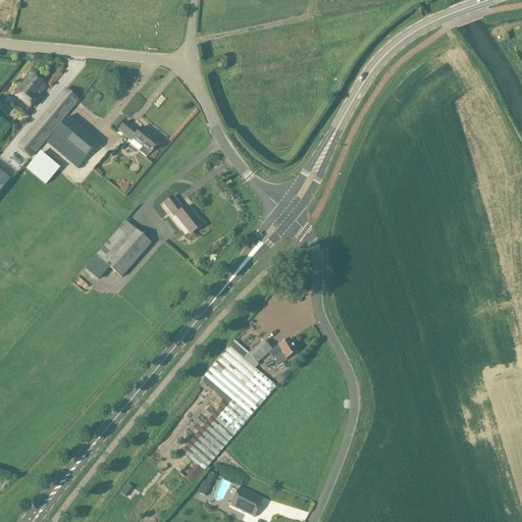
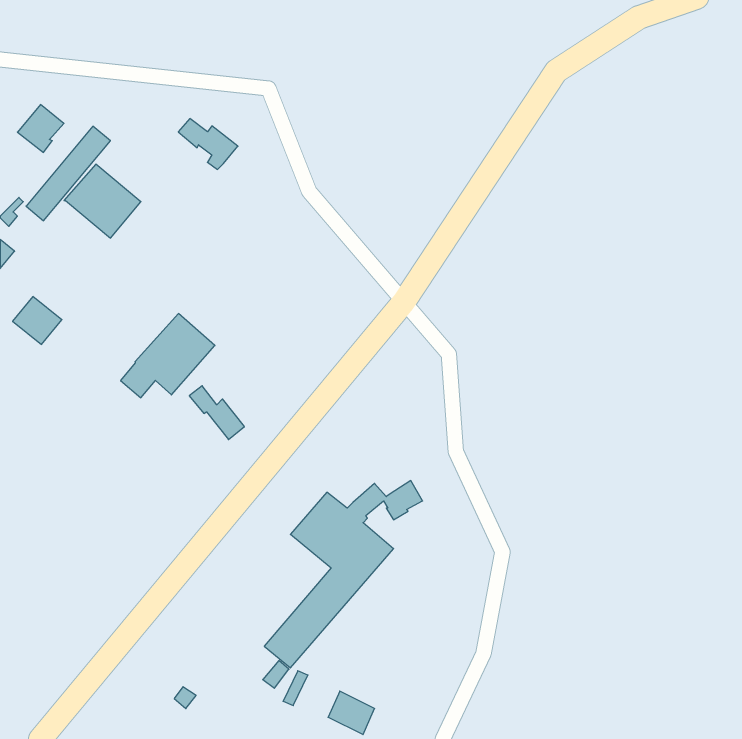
building: [118,120,160,156] -> [178,119,238,169]
building: [25,150,60,184] -> [13,297,62,344]
building: [163,196,202,233] -> [189,386,244,440]

